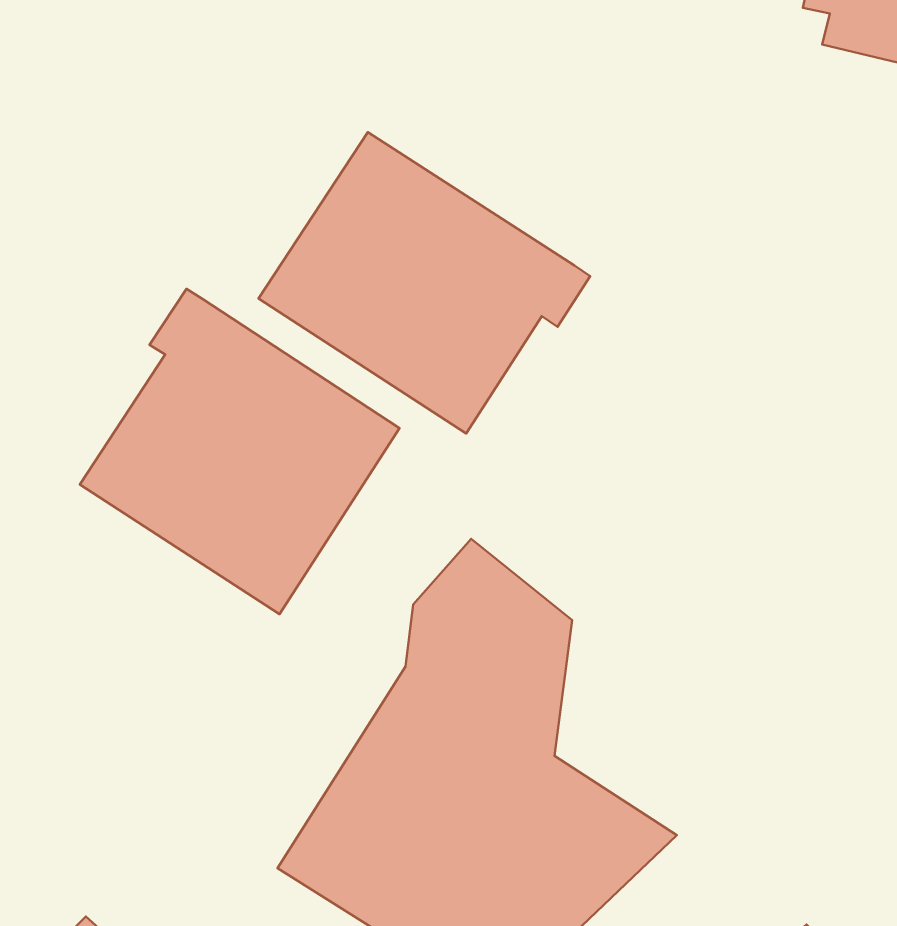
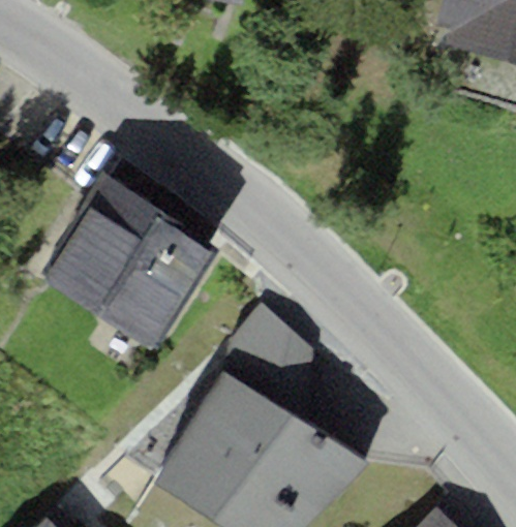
building: [259,132,590,434] -> none

